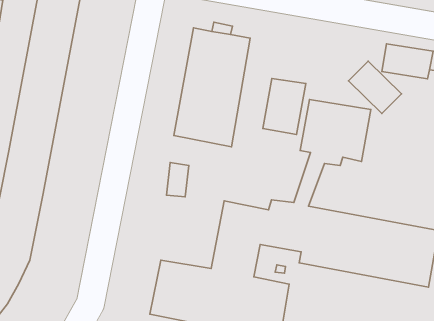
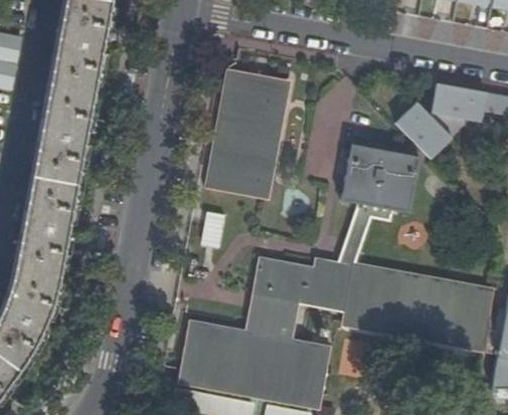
building: [263,79,306,135] -> none

